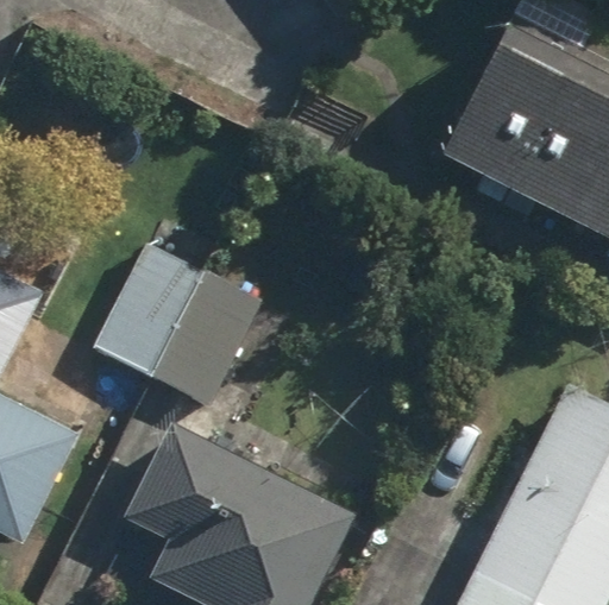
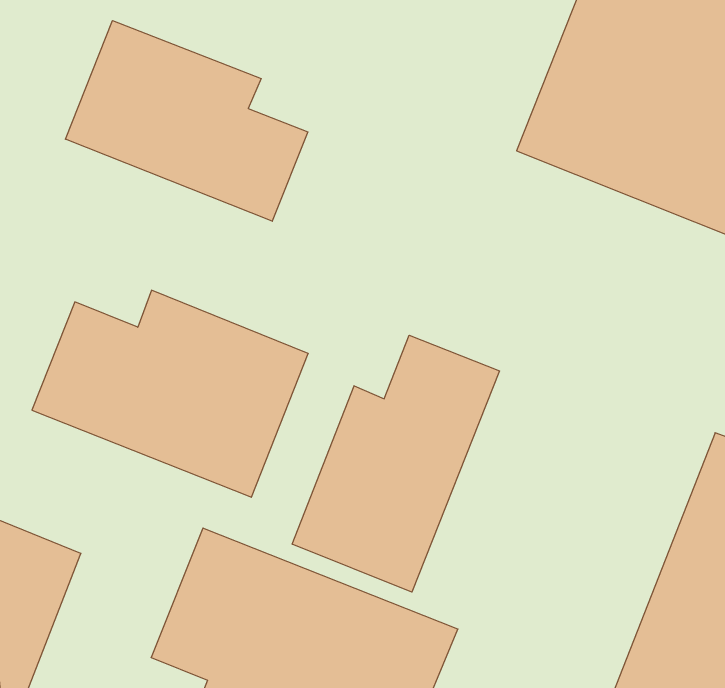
building: none -> [65,21,308,221]
building: none -> [292,335,499,592]

